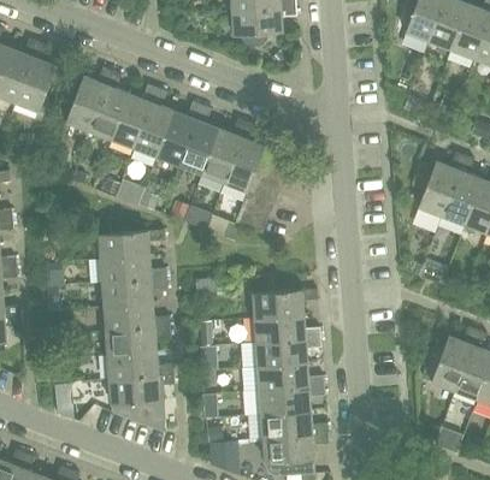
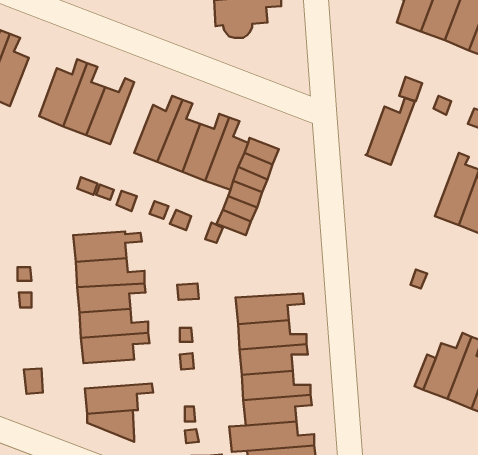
building: [132,89,173,156] -> none
building: [417,153,464,217] -> [366,98,415,165]
building: [107,352,172,380] -> none

